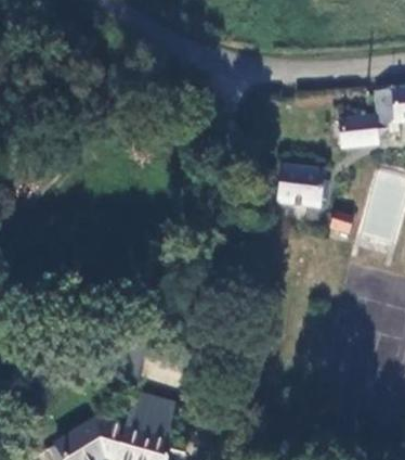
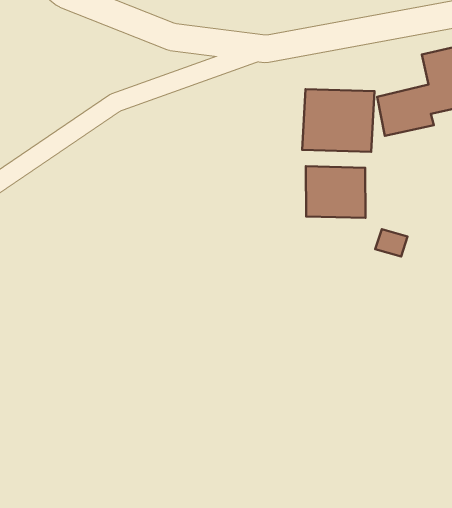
building: none -> [302,89,374,152]

